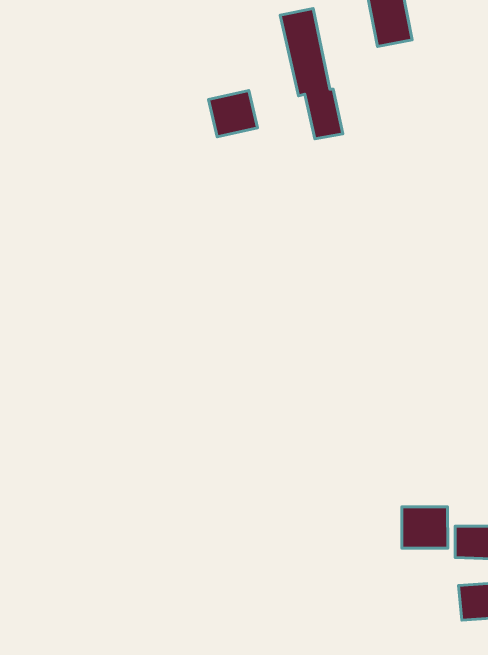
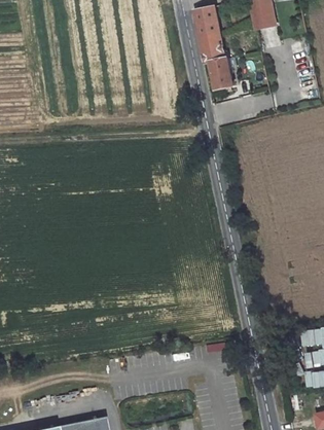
building: [209,91,257,137] -> none
building: [402,507,448,548] -> none

